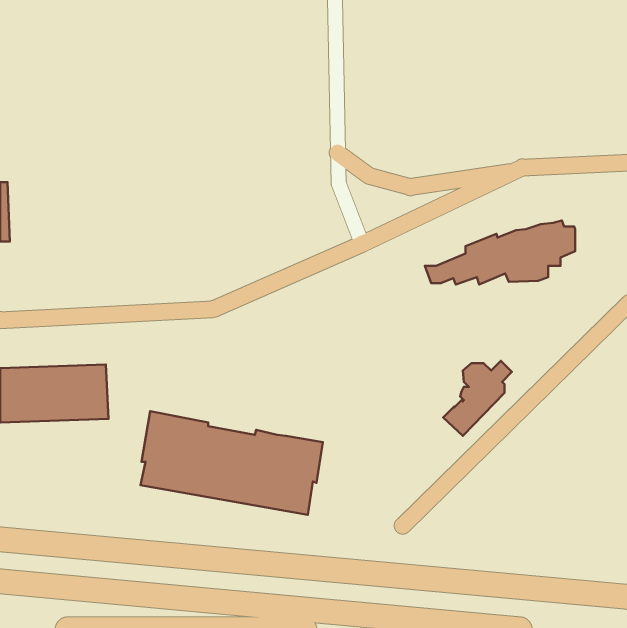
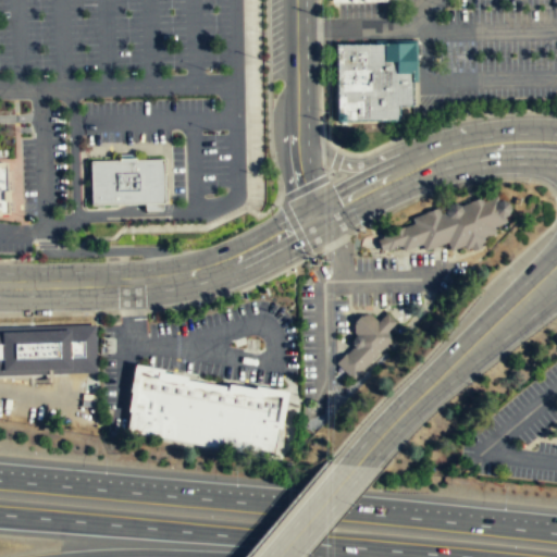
building: none -> [337,44,416,122]
building: none -> [91,159,165,206]
building: [443,361,512,436] -> [337,312,398,379]

